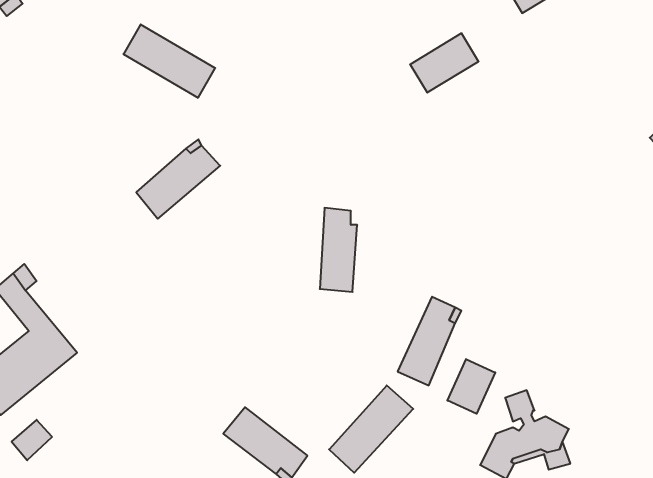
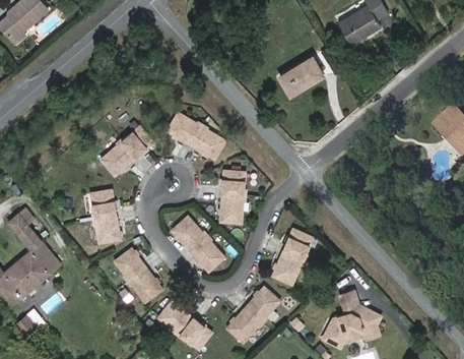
building: [123,24,215,98] -> [165,112,225,160]
building: none -> [89,188,121,243]
building: none -> [171,216,224,273]
building: none -> [114,247,162,303]
building: [447,359,495,414] -> none

